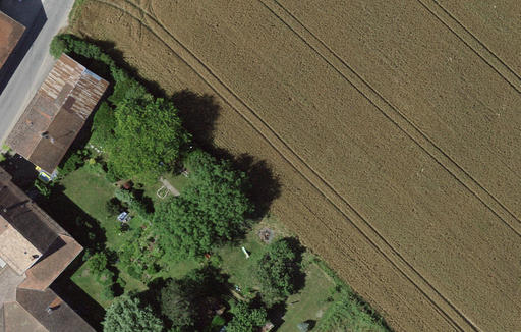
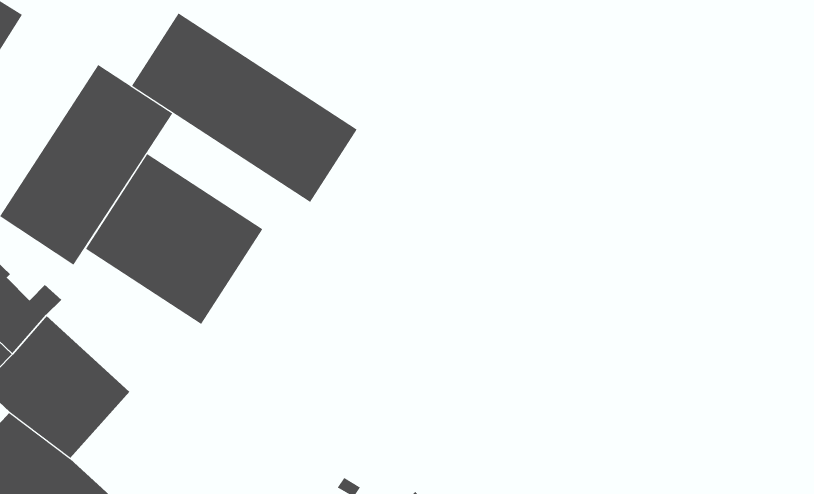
building: none -> [131,13,358,203]
building: none -> [85,153,263,325]

